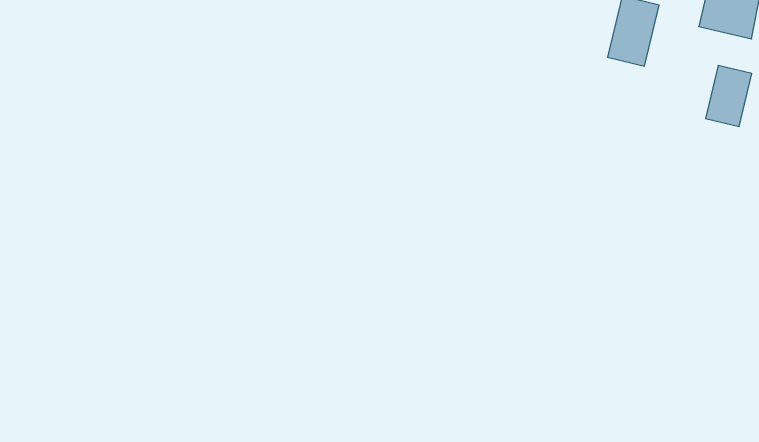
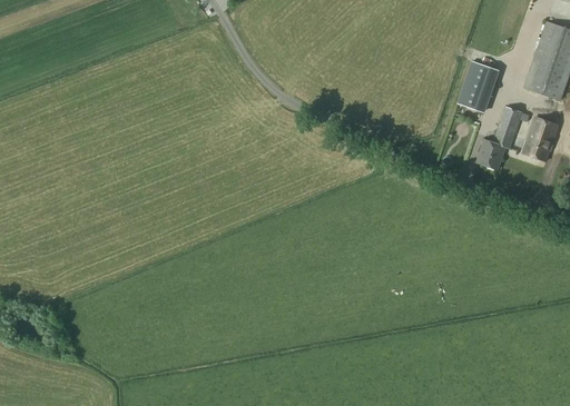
building: none -> [476,107,522,169]

